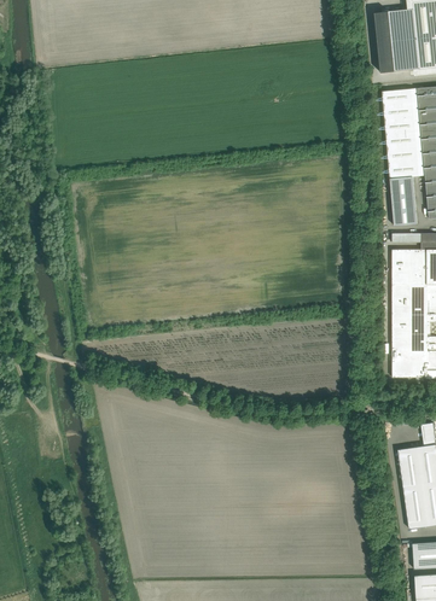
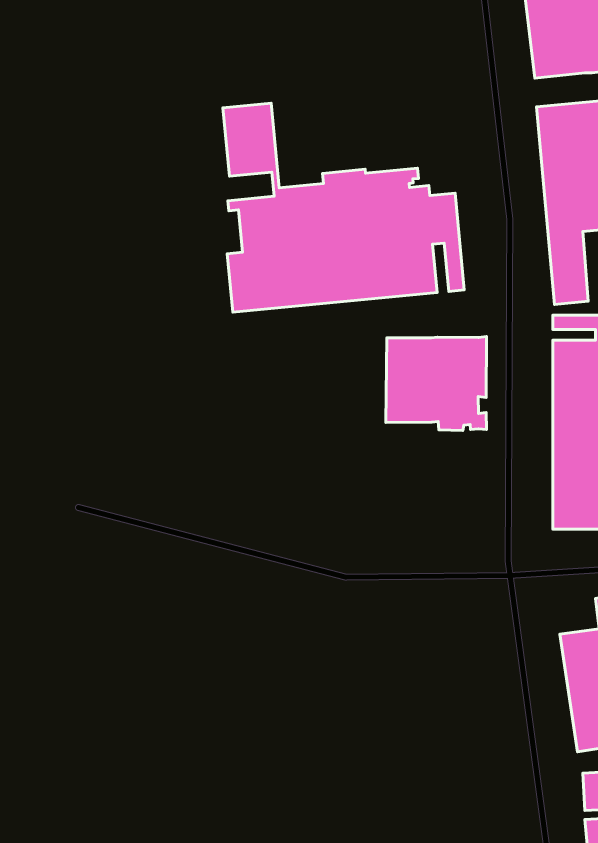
building: none -> [223,103,464,312]
building: none -> [386,336,486,431]

